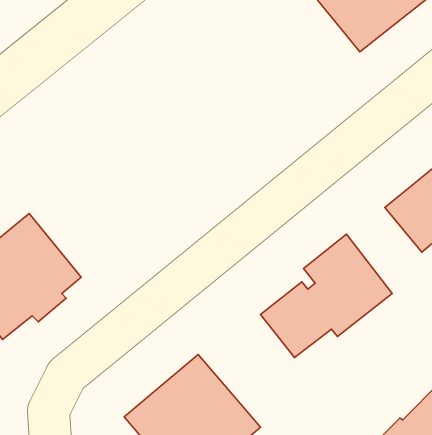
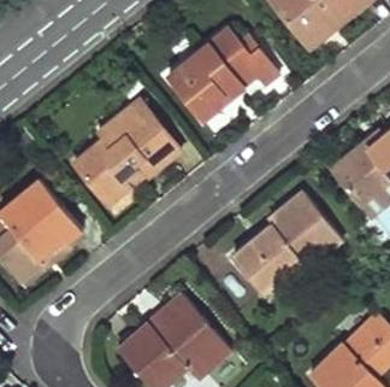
building: none -> [170,25,283,118]
building: none -> [76,102,182,192]

